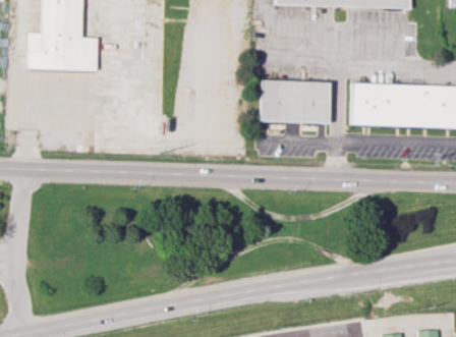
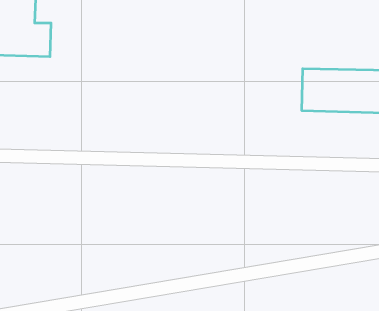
building: [258,81,327,124] -> none

